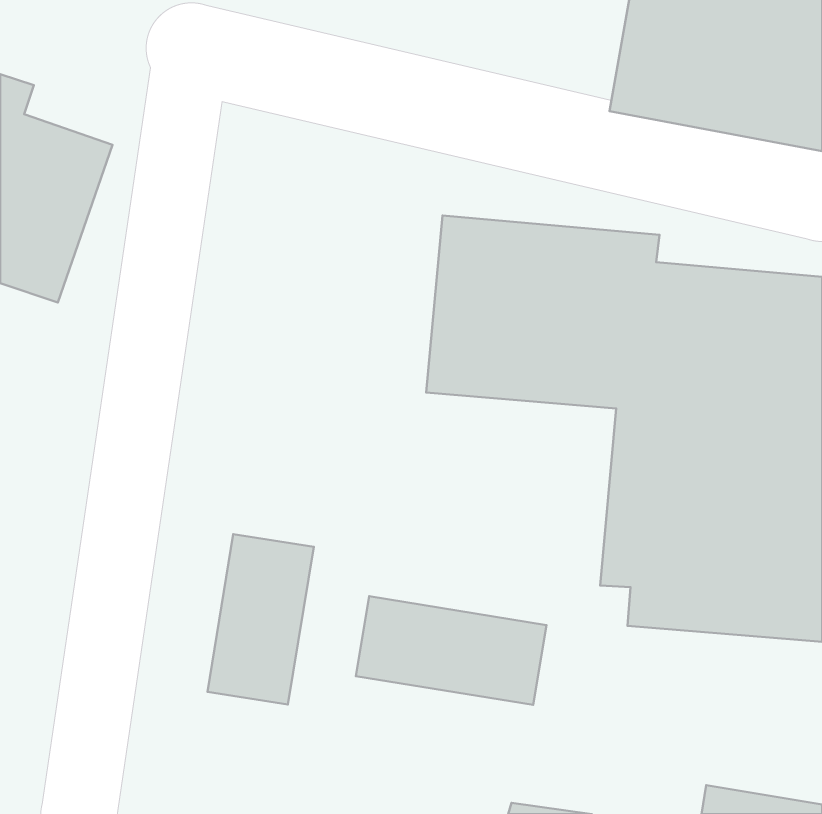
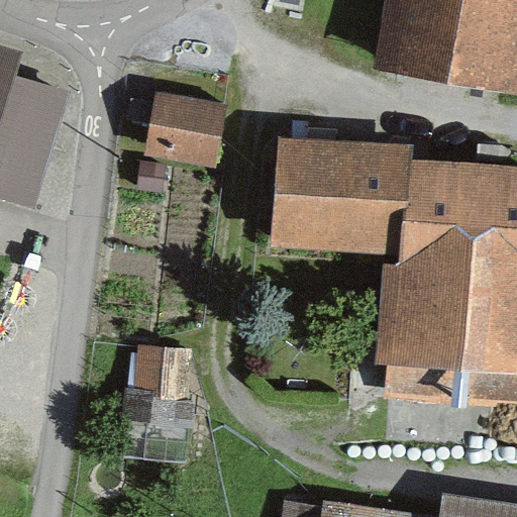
building: none -> [148,91,225,166]
building: [356,596,546,705] -> none

